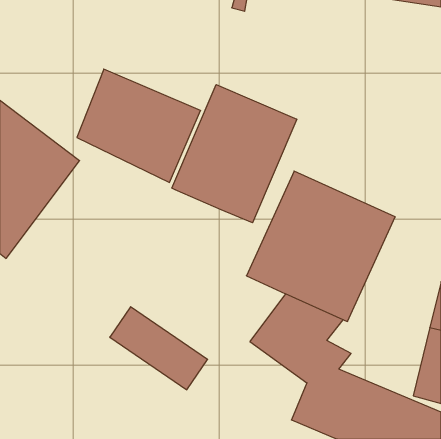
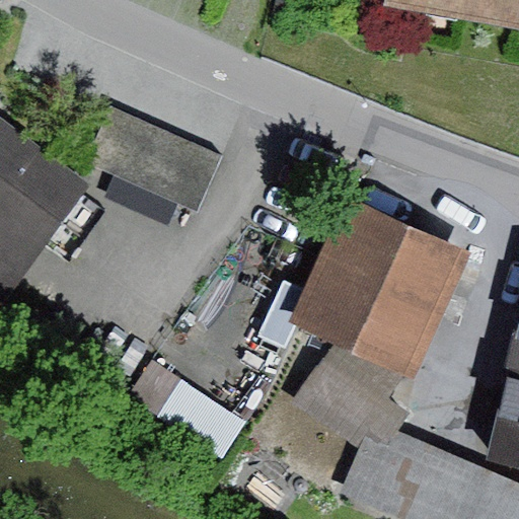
building: [172,85,297,223] -> none

